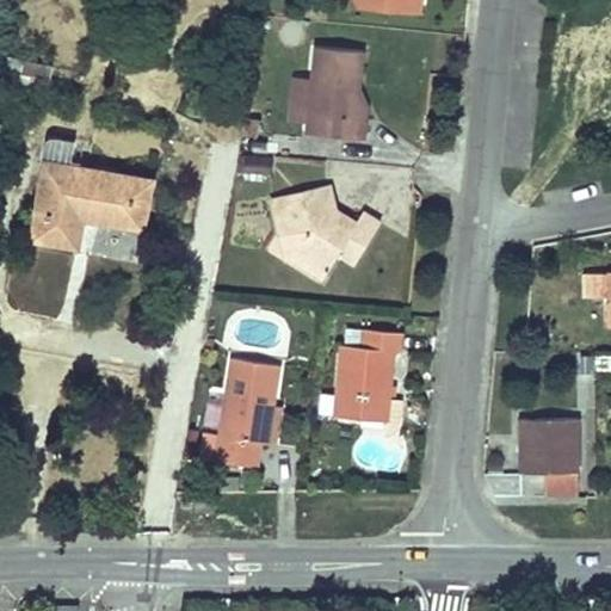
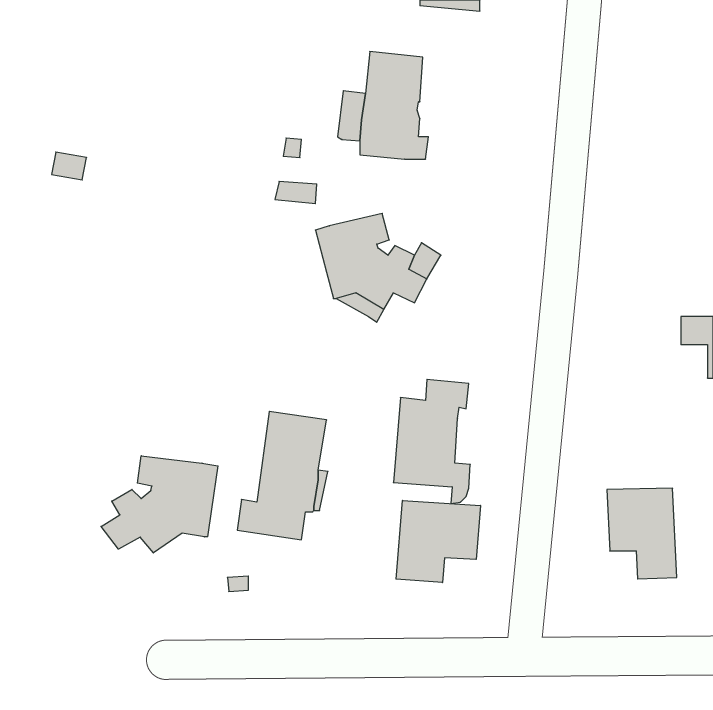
building: [32,166,149,249] -> none
building: none -> [101,456,218,553]
building: none -> [396,500,480,583]

